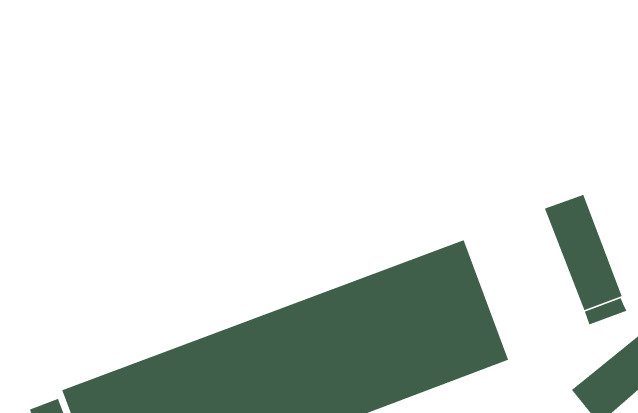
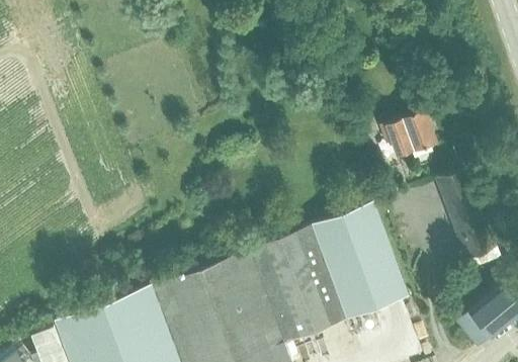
building: none -> [380,110,435,161]

